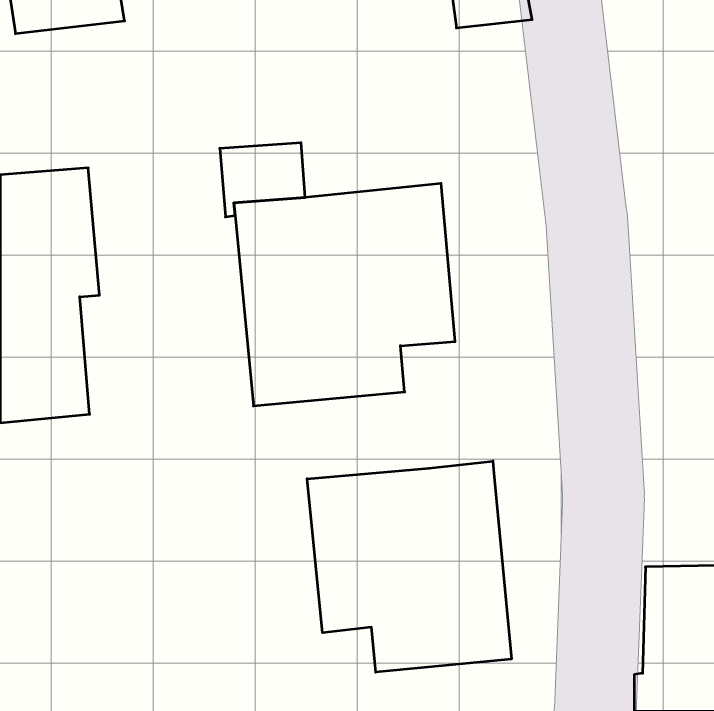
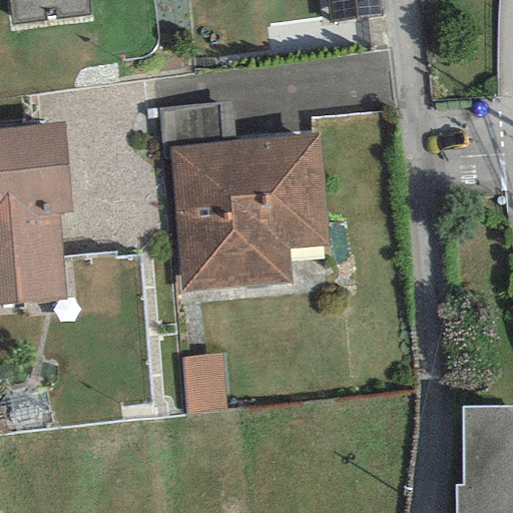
building: [307,461,511,672] -> none

